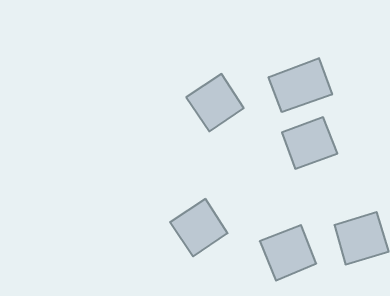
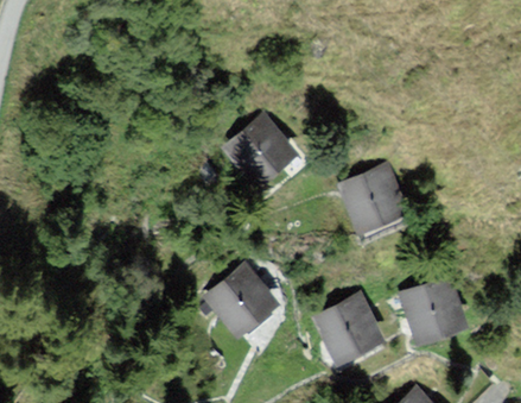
building: [269,58,332,112] -> none

